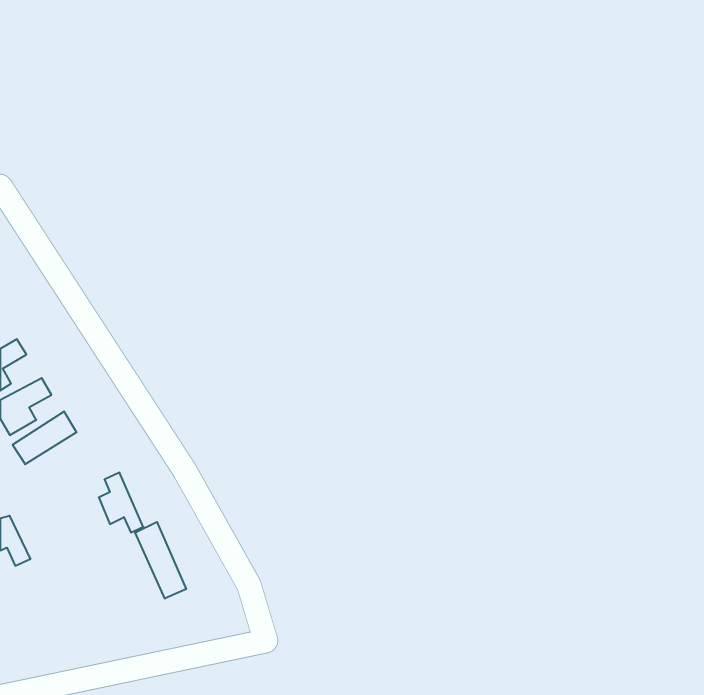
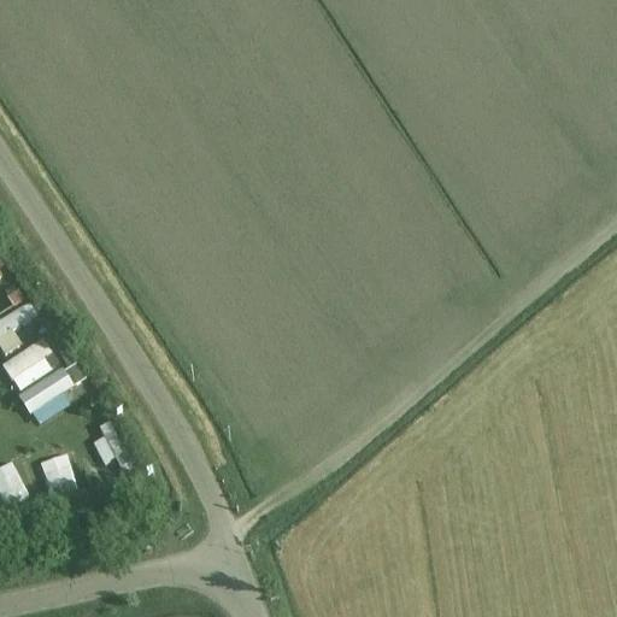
building: none -> [45,454,76,493]
building: [135,522,186,599] -> none

